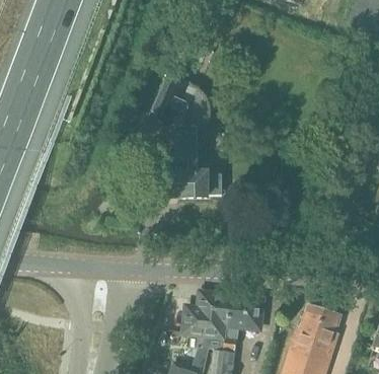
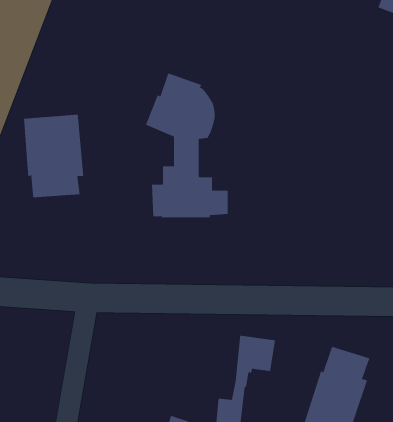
building: none -> [23,114,84,198]
building: [183,292,231,350] -> none

